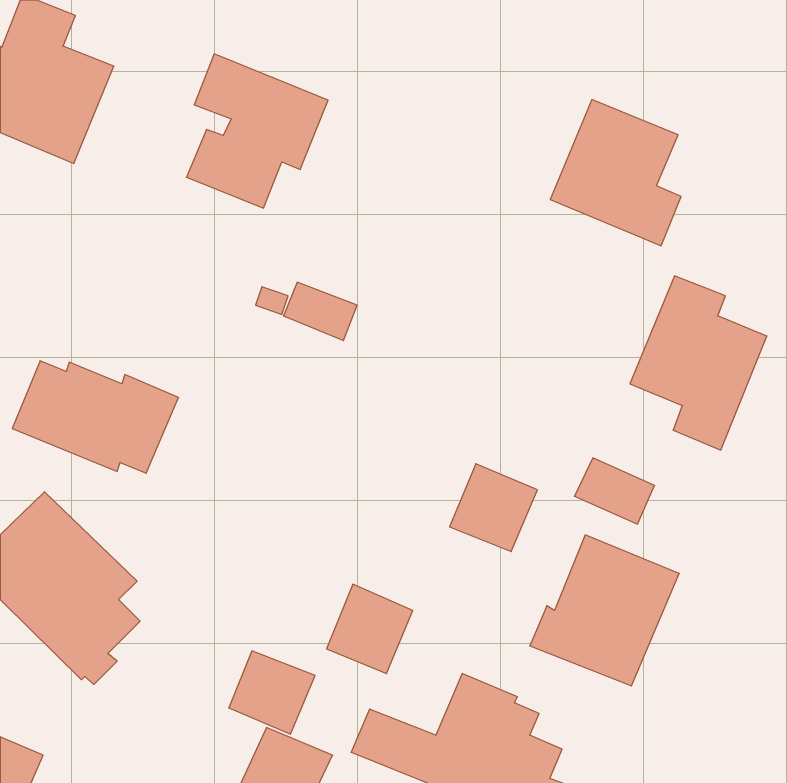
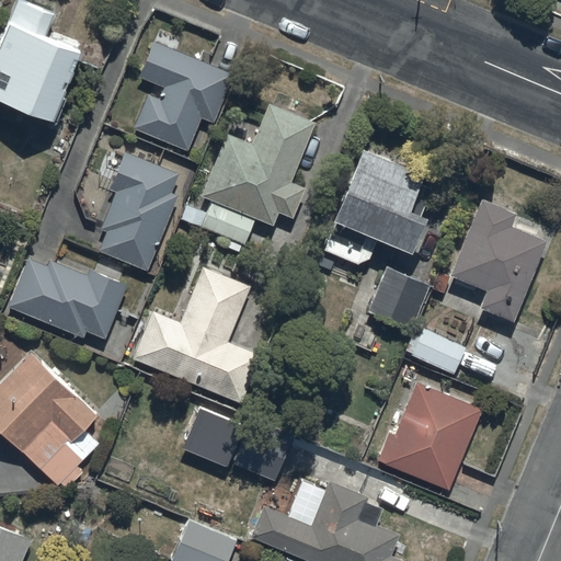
building: [550,99,681,246] -> [332,148,425,252]
building: none -> [201,104,314,226]
building: none -> [99,152,179,272]
building: none -> [133,267,261,404]
building: [450,464,537,552] -> [367,268,430,331]
building: [229,651,315,734] -> [183,409,244,468]

